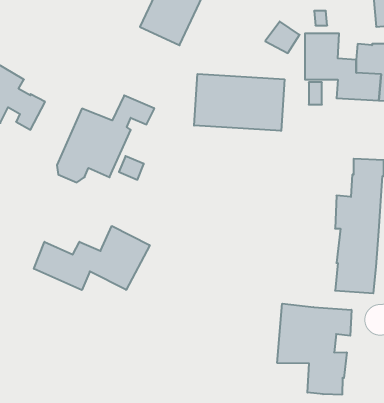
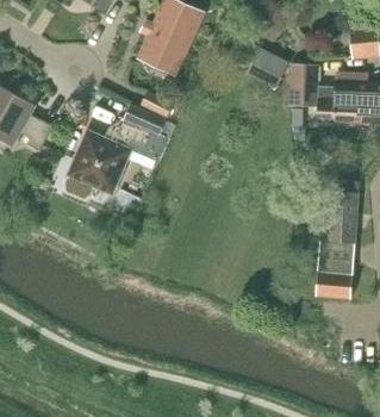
building: [194,74,284,131] -> none
building: [34,226,150,290] -> none
building: [277,304,351,395] -> none

